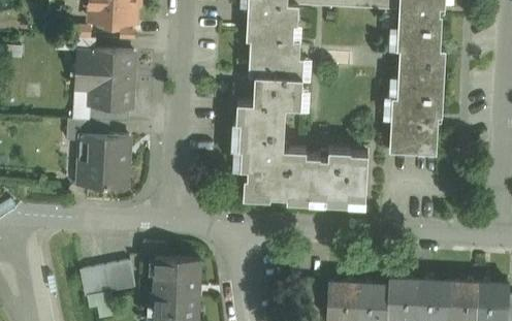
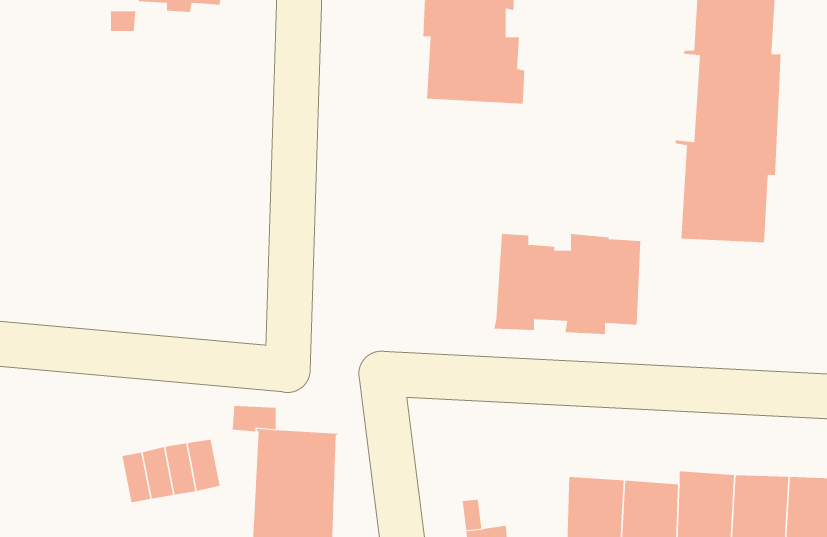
building: [74,51,134,110] -> none
building: [234,75,309,200] -> none
building: [84,135,129,189] -> none

